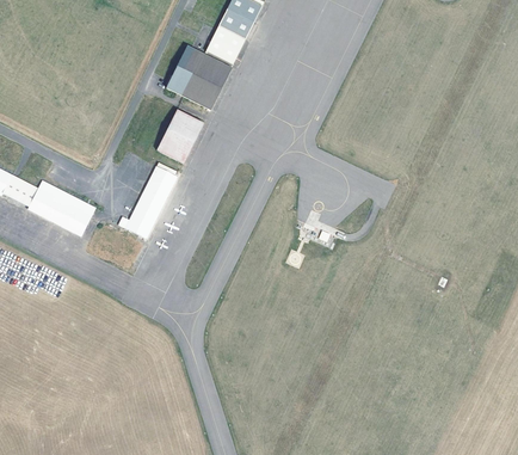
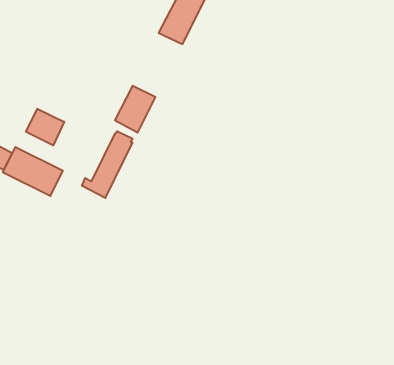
building: [167,45,230,107] -> none
building: none -> [26,109,64,145]

